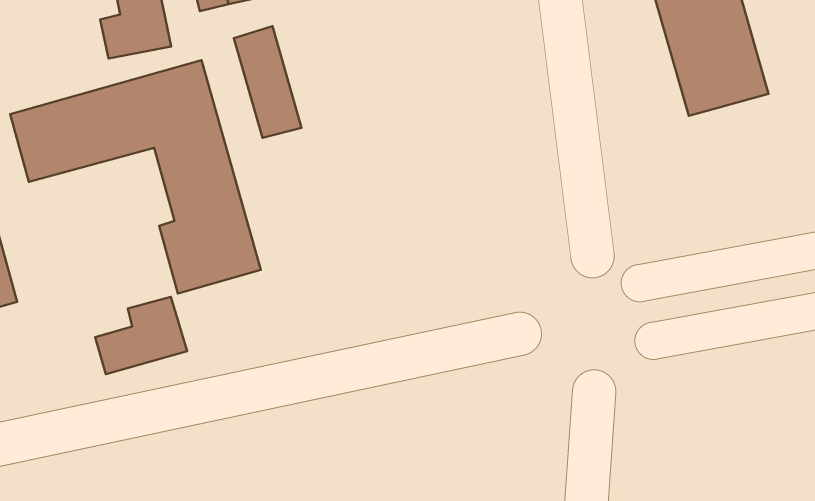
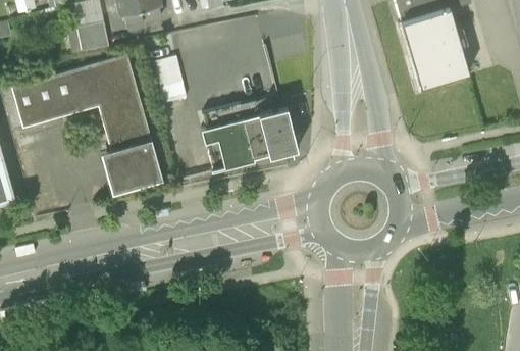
building: none -> [200,99,298,170]
building: [95,297,187,374] -> none

